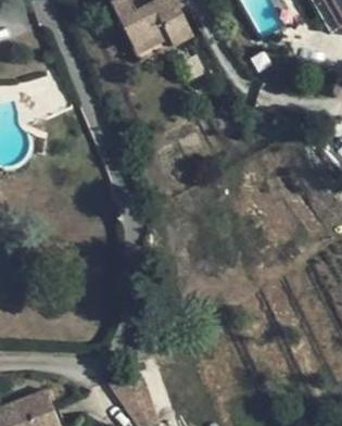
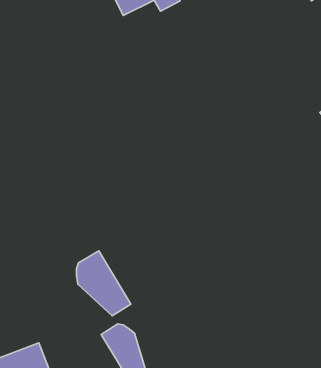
building: none -> [76,251,131,316]

